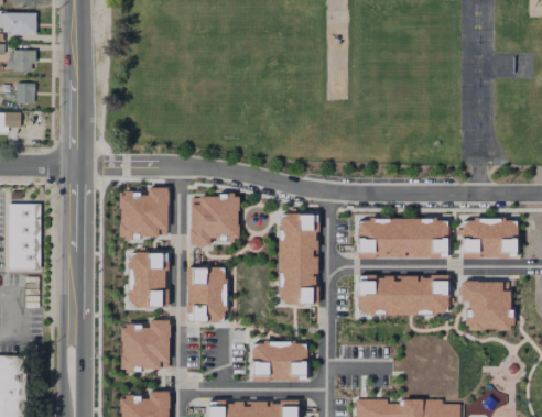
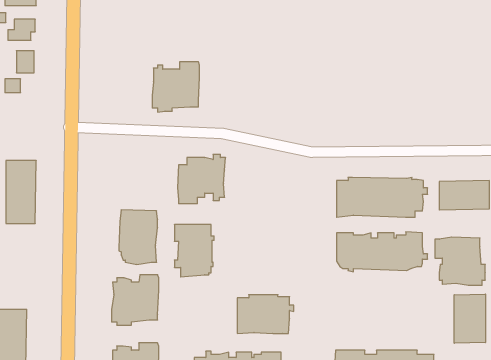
building: [118,187,167,240] -> [152,62,199,112]
building: [277,213,318,305] -> none
building: none -> [454,294,485,343]

